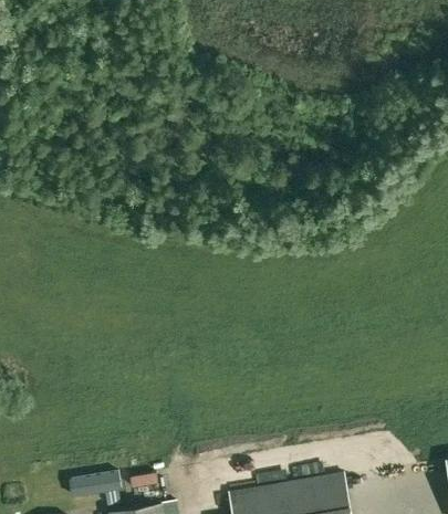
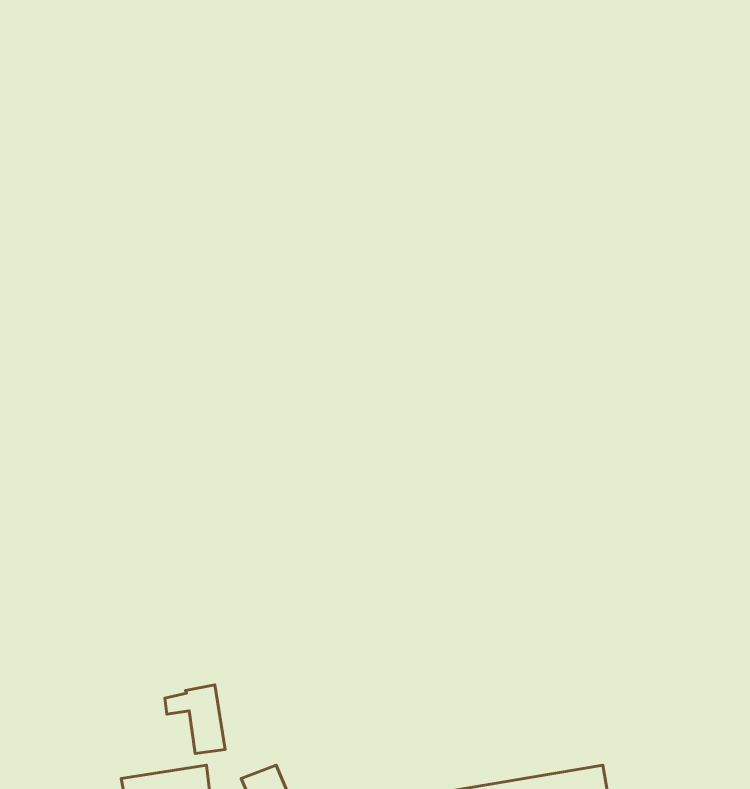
building: none -> [165,685,225,754]

